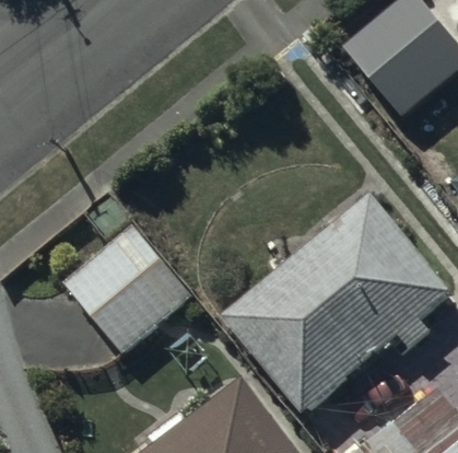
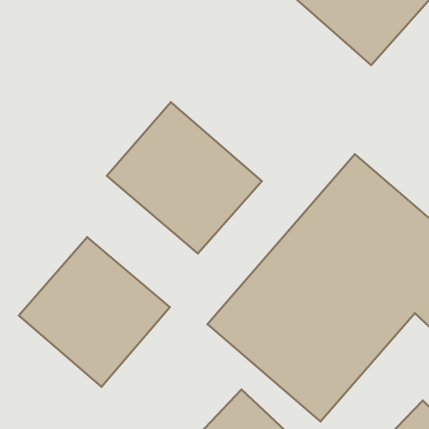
building: none -> [107,102,262,254]

